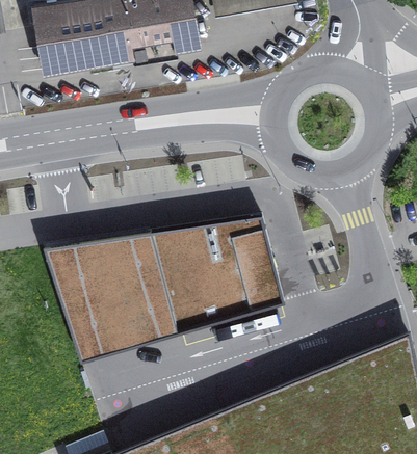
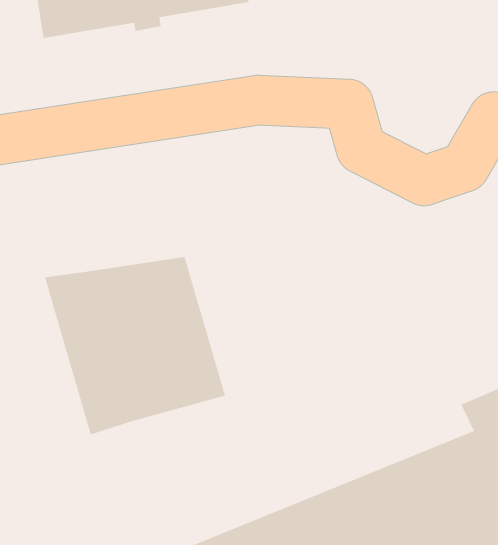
building: [148,216,283,337] -> none

